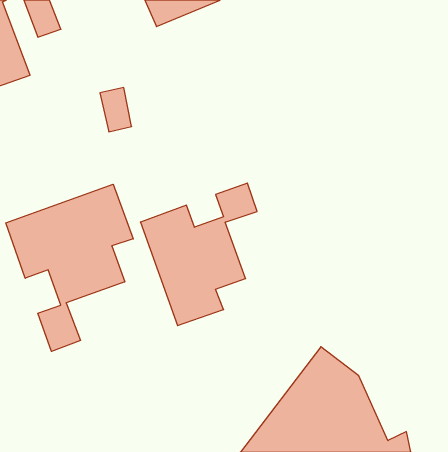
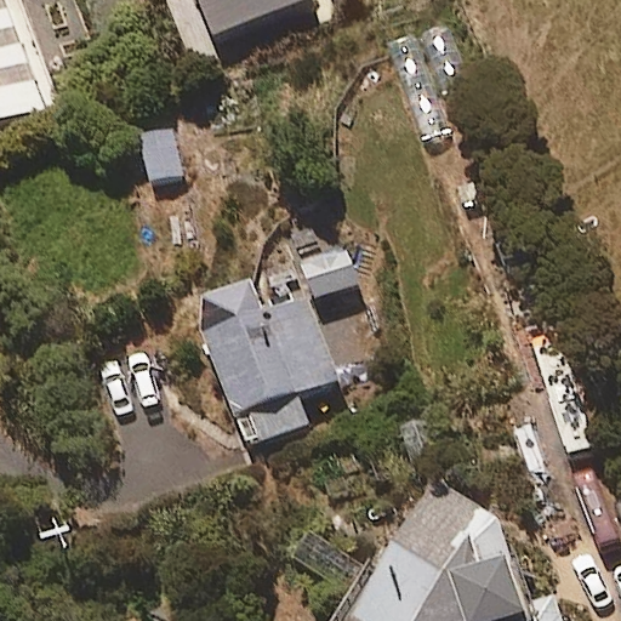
building: [6,184,133,351] -> none

